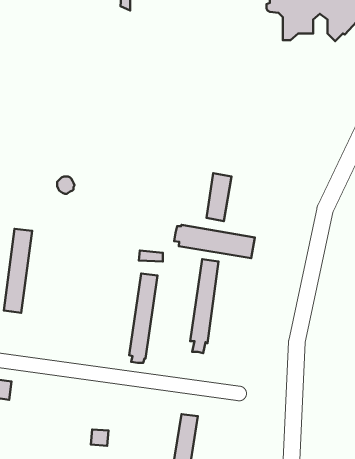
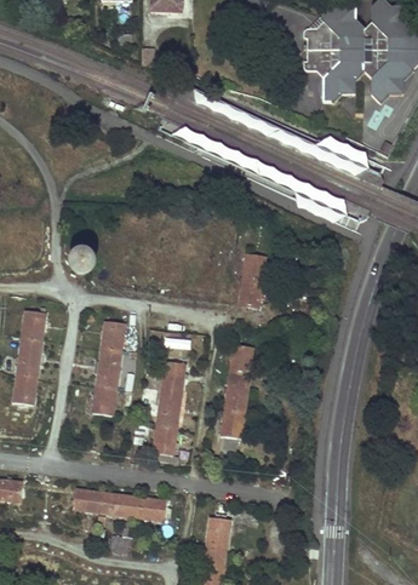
building: [174,225,255,258] -> none
building: none -> [92,321,124,415]
building: none -> [73,488,166,521]

